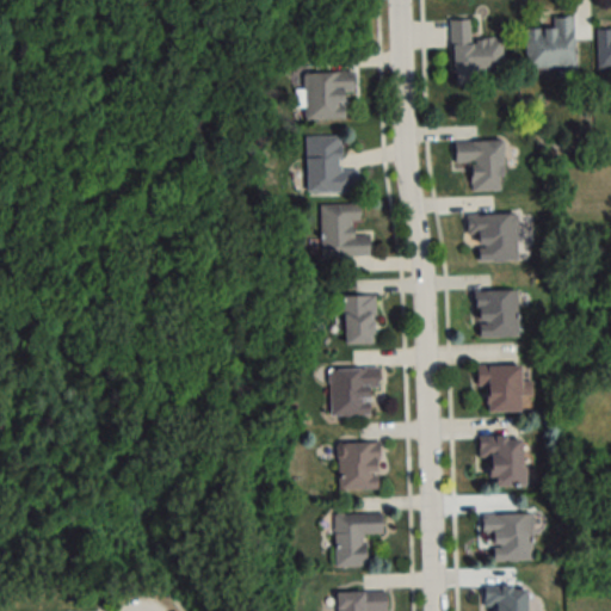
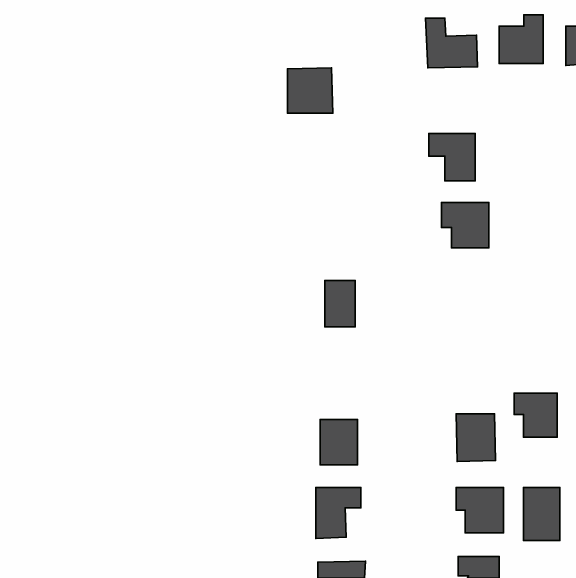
building: [307,135,362,193] -> none
building: [322,204,371,257] -> none
building: [477,290,519,338] -> none
building: [477,366,523,413] -> [514,393,557,437]
building: [331,369,379,416] -> none
building: none -> [523,488,560,540]

